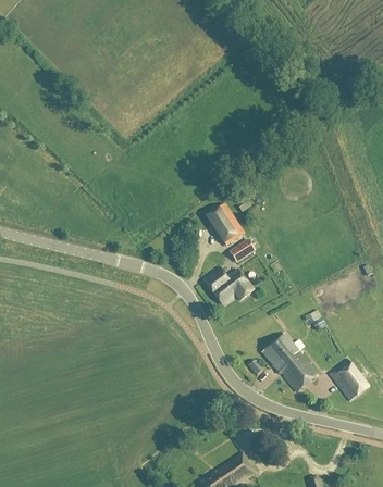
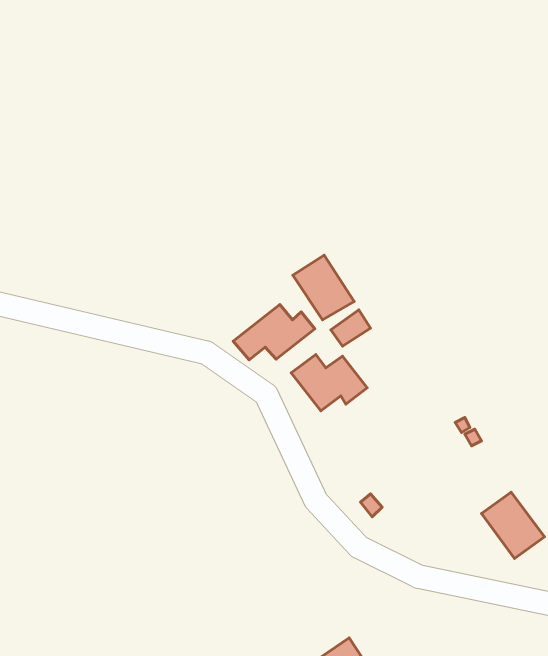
building: none -> [233,305,315,360]
building: [261,332,317,390] -> none

